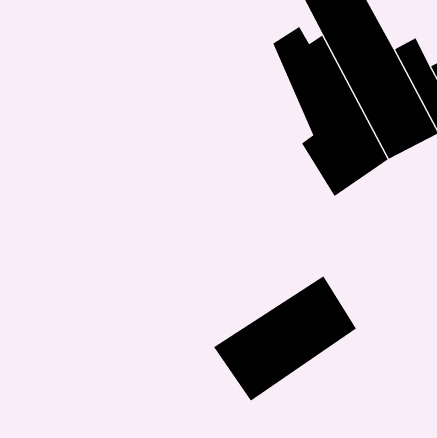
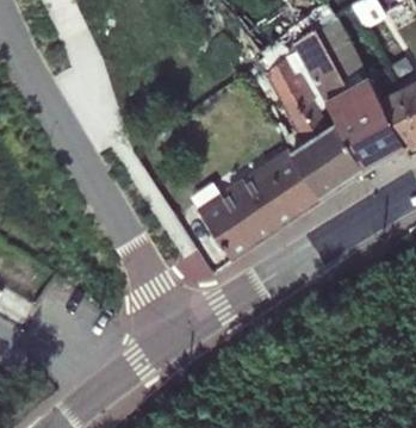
building: [213,275,357,402] -> [199,155,318,260]

